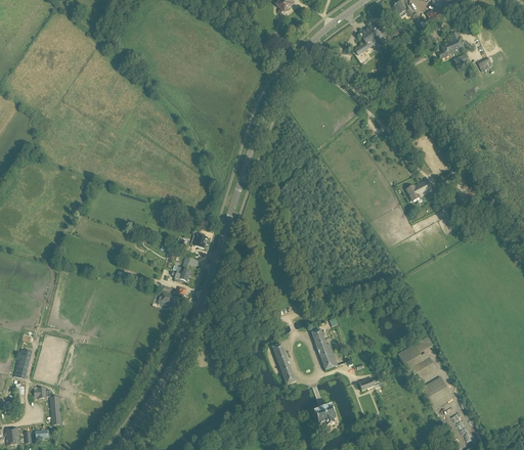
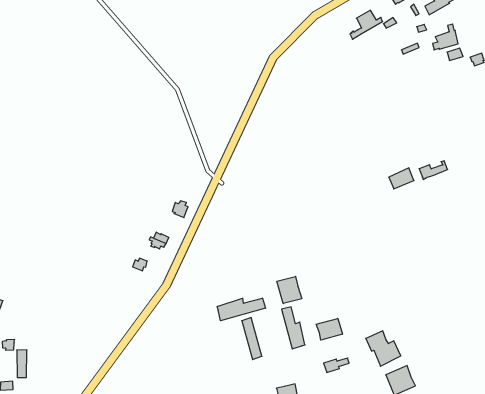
building: none -> [277,276,302,304]
building: none -> [217,298,266,321]
building: none -> [316,318,342,340]

